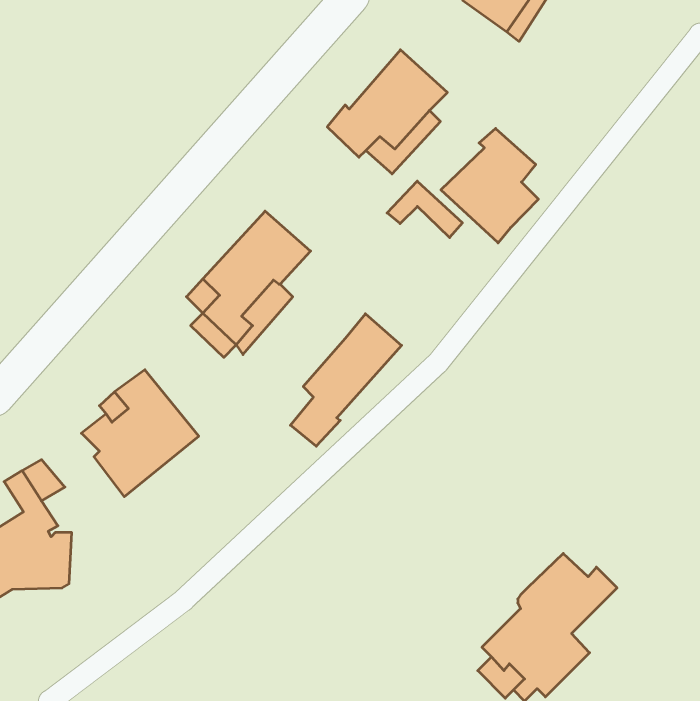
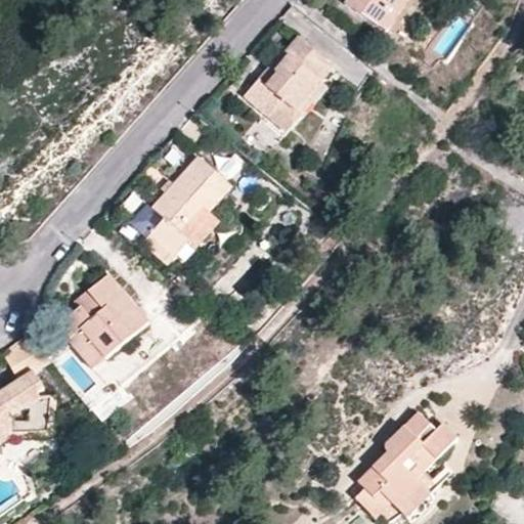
building: [441,128,538,243] -> none
building: [387,181,462,238] -> none
building: [290,314,402,446] -> none

